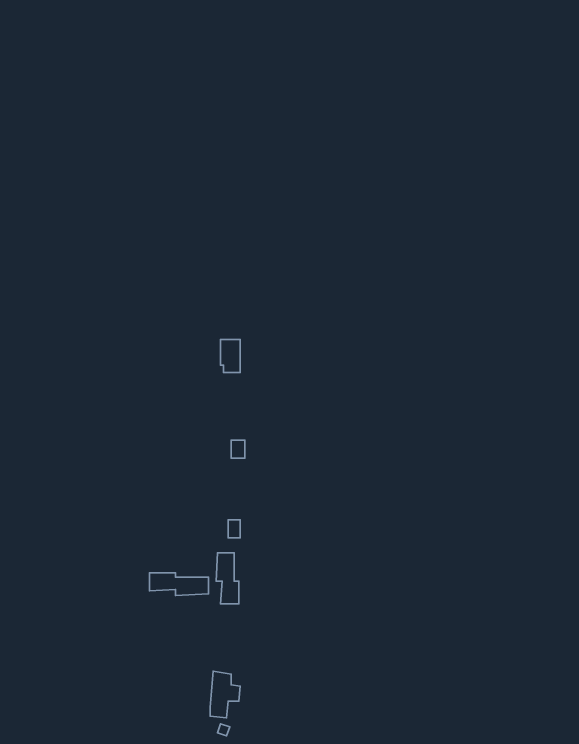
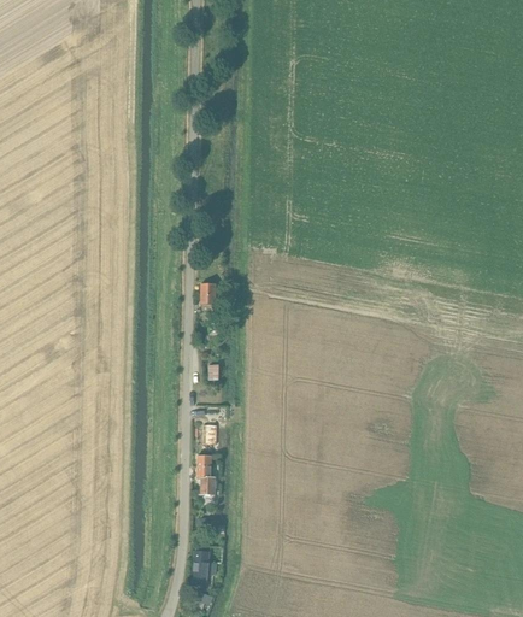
building: [150,573,208,595] -> none

